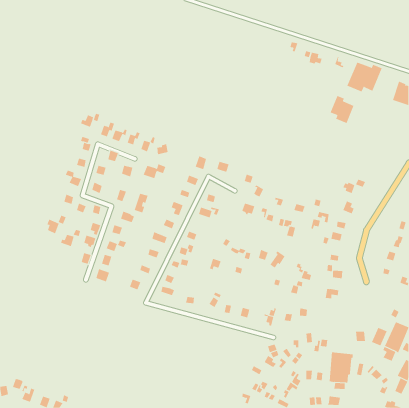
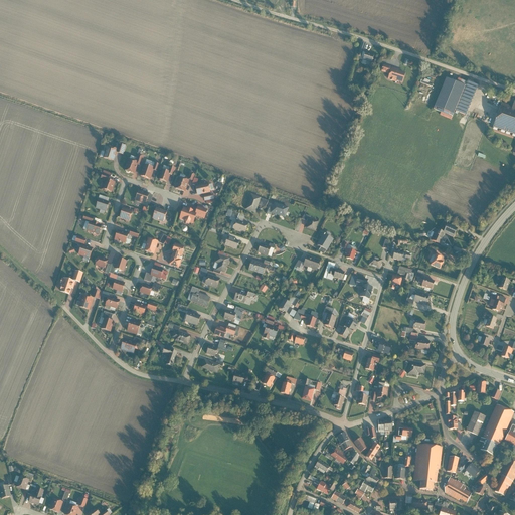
building: [330,95,354,124] -> none
building: none -> [444,476,472,501]

